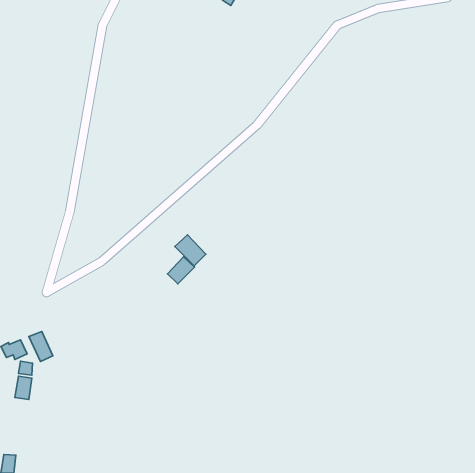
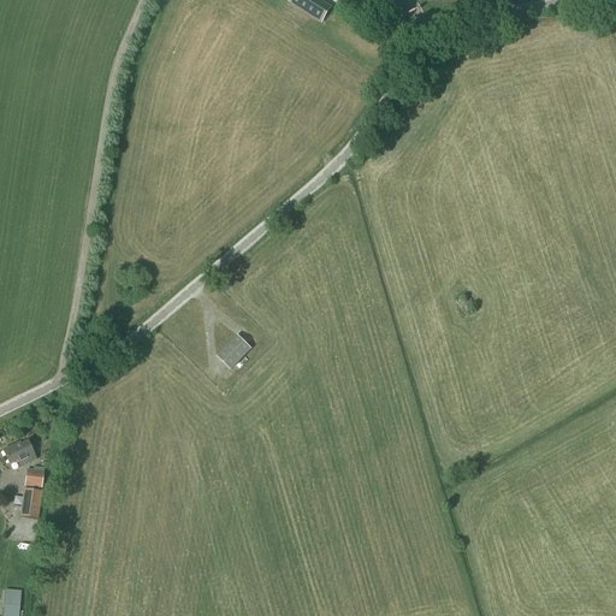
building: [175,235,206,266] -> none
building: [29,331,53,362] -> none

